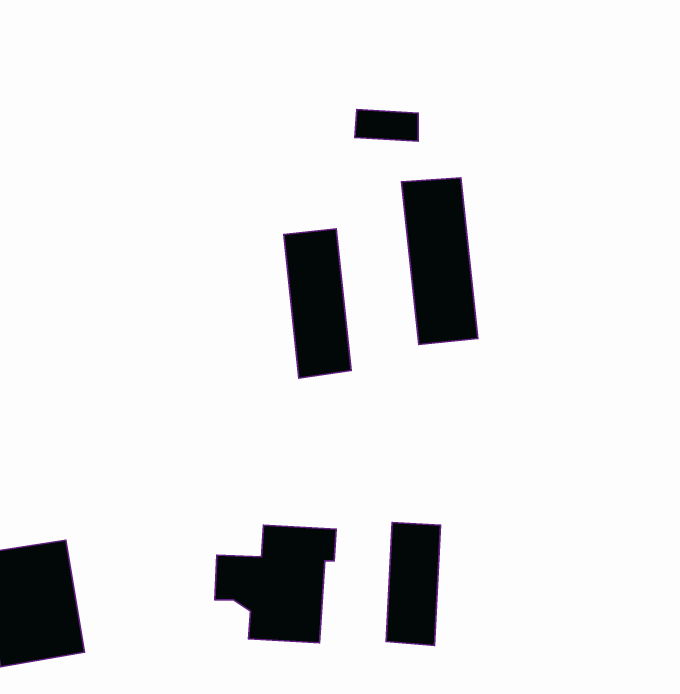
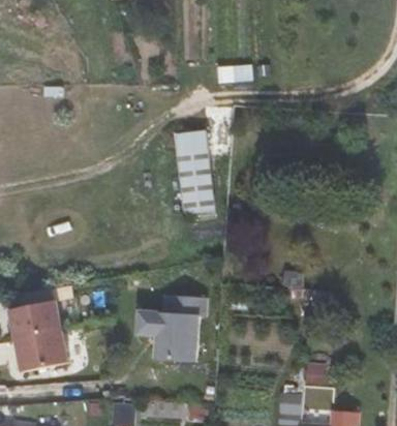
building: [402,178,478,345] -> none
building: [386,522,441,646] -> none

